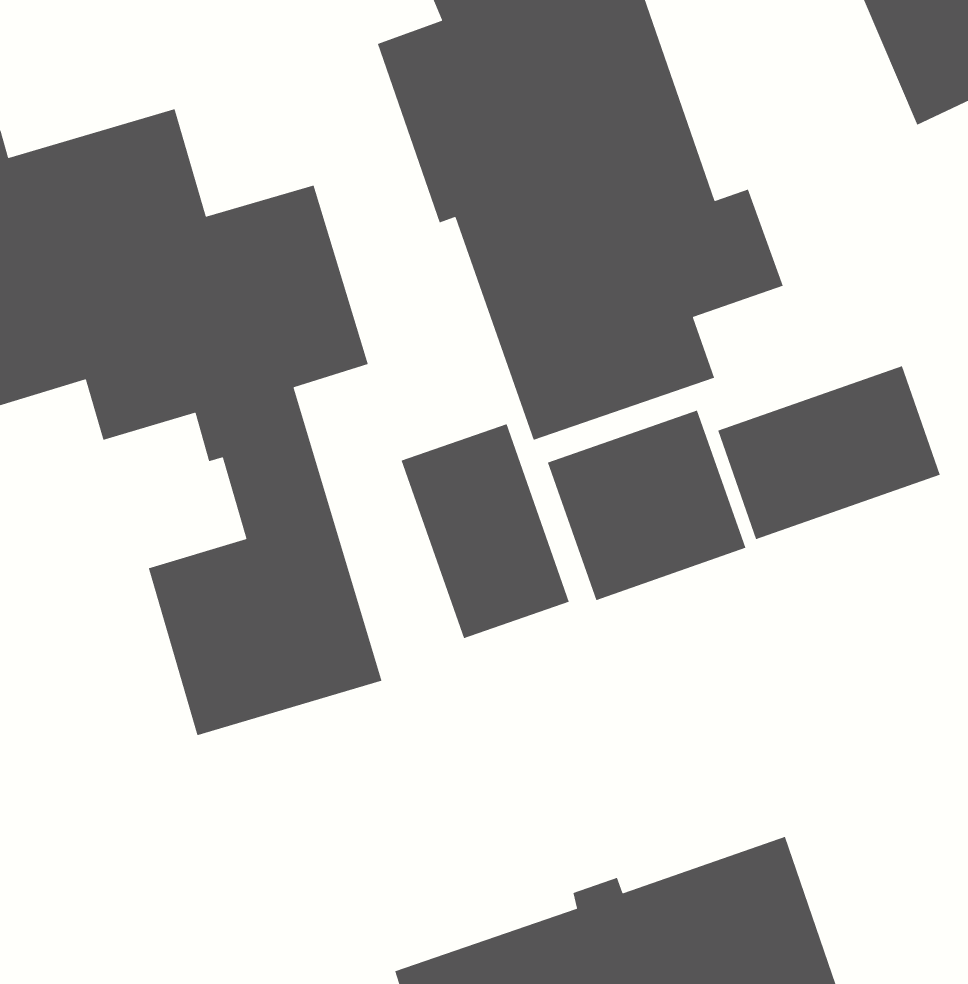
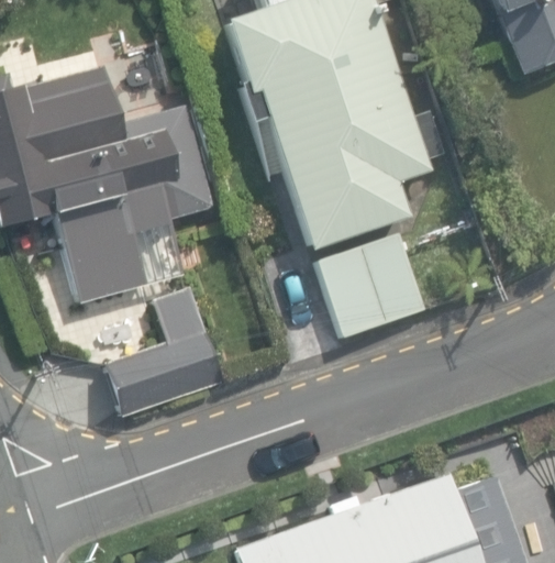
building: [717,365,941,540] -> none
building: [401,423,570,639] -> none

